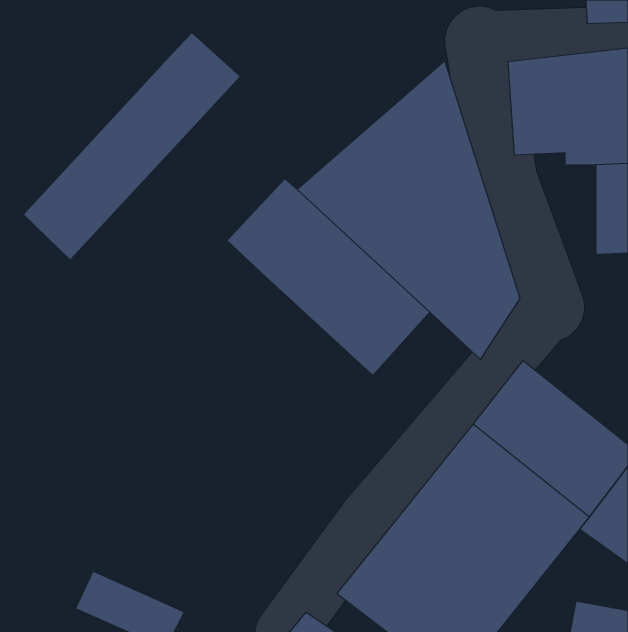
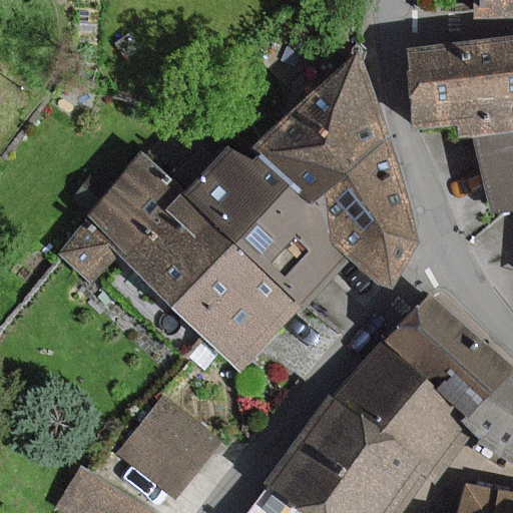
building: [23,32,240,260] -> none
building: none -> [57,157,302,368]
building: none -> [122,401,221,499]

